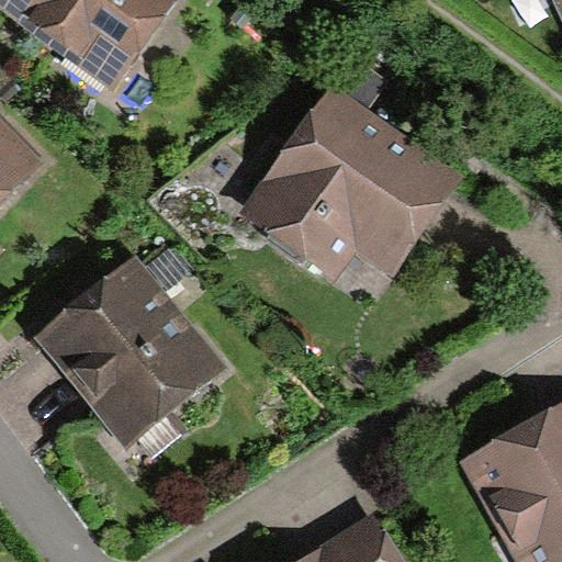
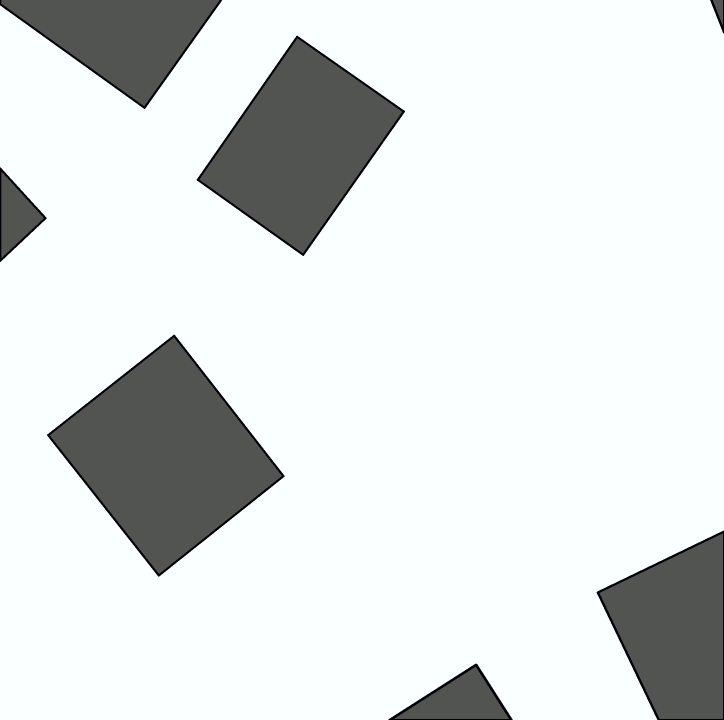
building: none -> [198,37,404,255]
building: [247,92,457,270] -> none

